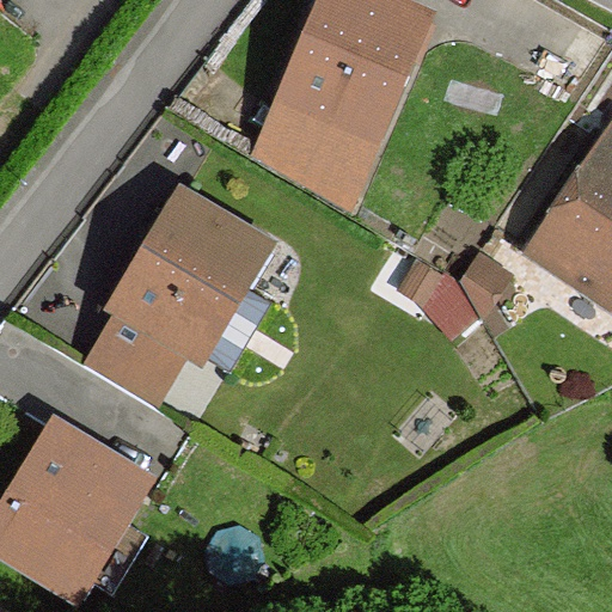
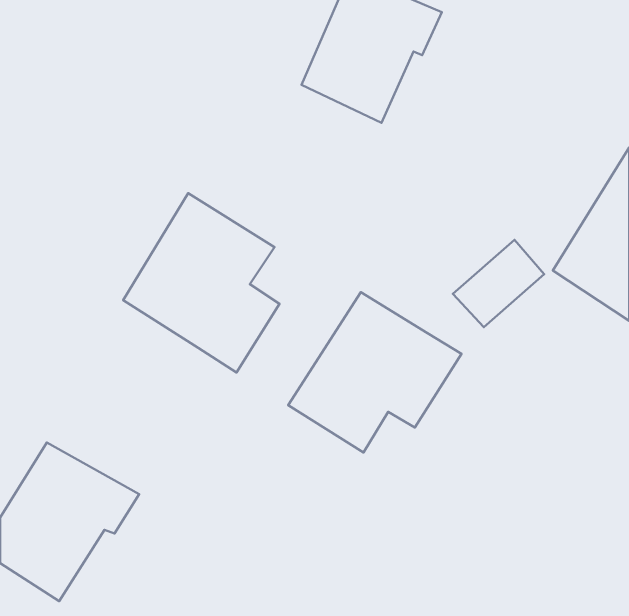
building: [261,82,371,198] -> none
building: none -> [288,292,461,452]
building: [78,292,192,406] -> none

